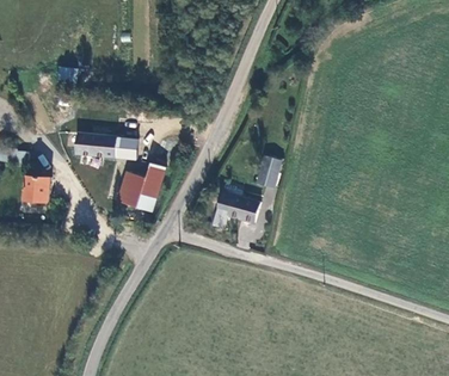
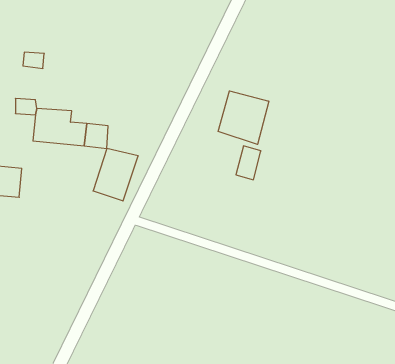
building: none -> [218,91,269,144]
building: [214,192,260,228] -> none

